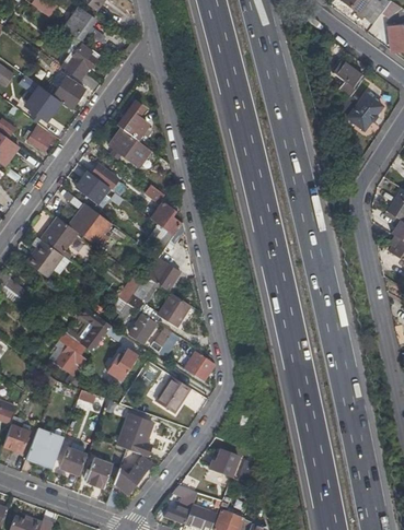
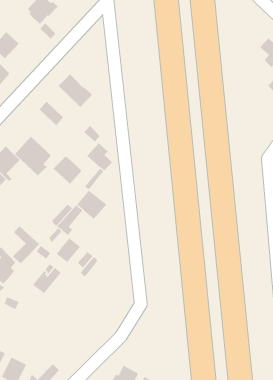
building: [54,75,85,108] -> none
building: [118,101,148,139] -> none
building: [74,170,108,203] -> [53,155,82,185]
building: [157,291,189,326] -> none
building: [184,351,215,380] -> none
building: [157,376,189,412] -> none
building: [116,415,150,456] -> none

